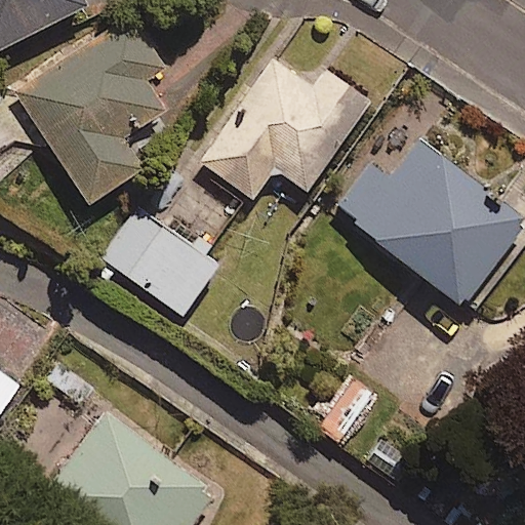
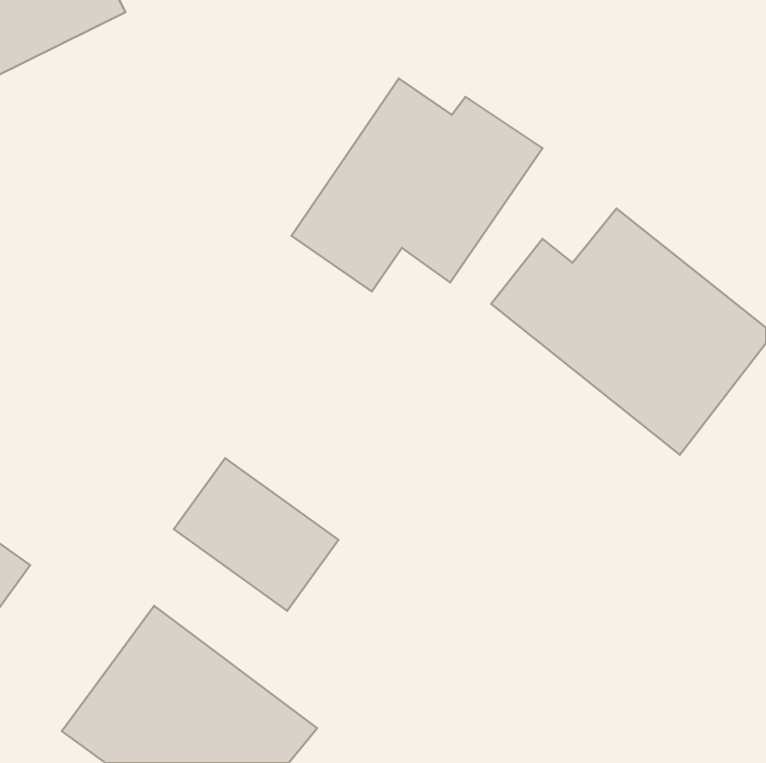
building: [16,19,165,205] -> none
building: [106,211,217,315] -> [174,458,339,611]

